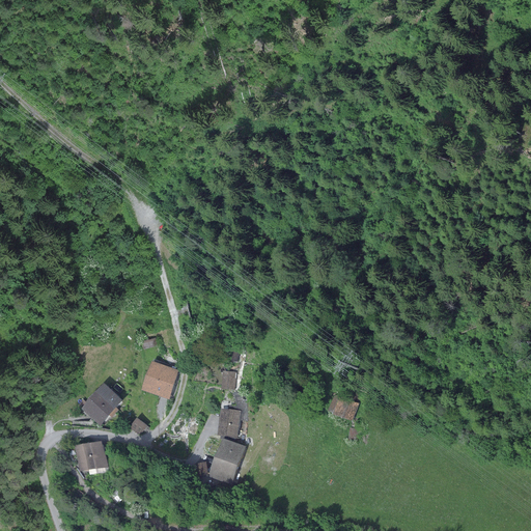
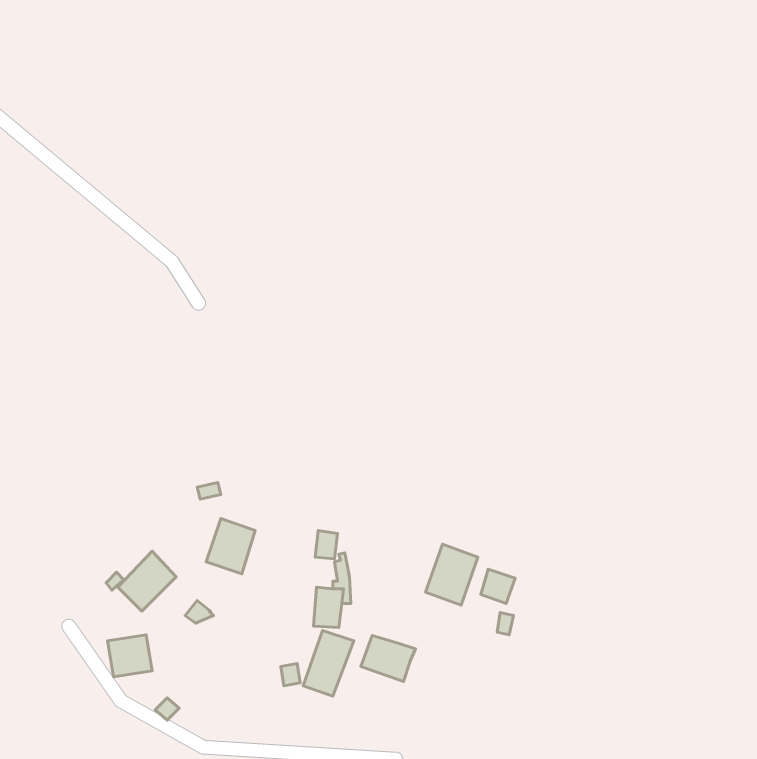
building: none -> [426,544,478,605]
building: none -> [361,635,416,681]

